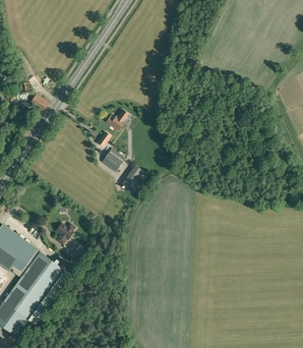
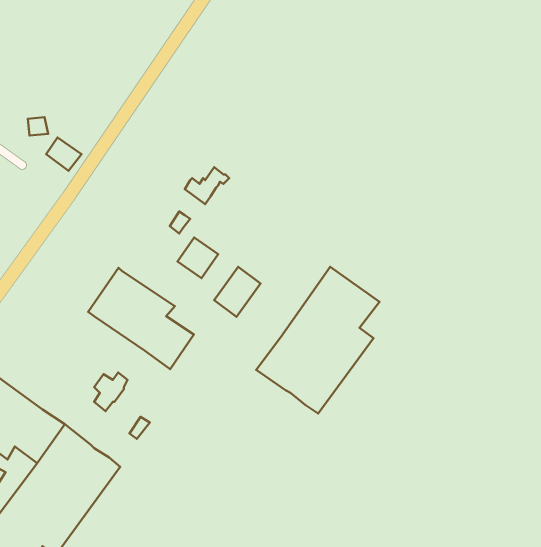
building: none -> [256,267,379,413]
building: none -> [88,268,194,369]

